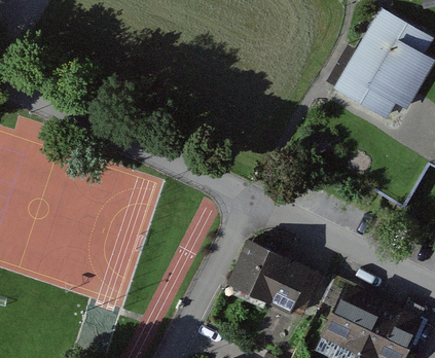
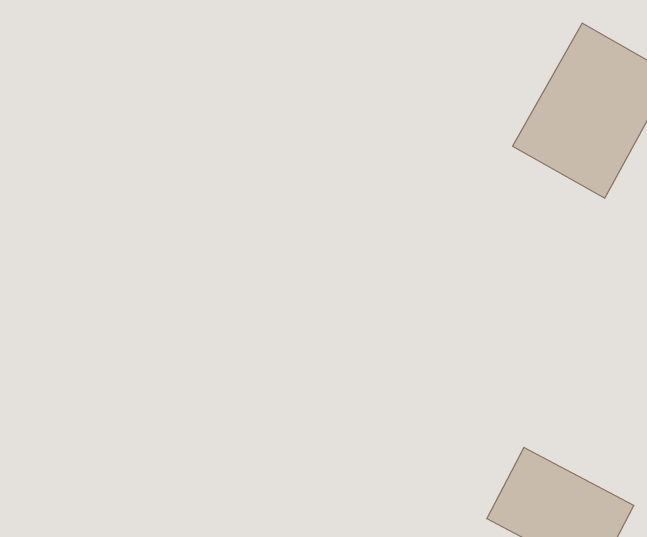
building: [228,239,310,310] -> none

